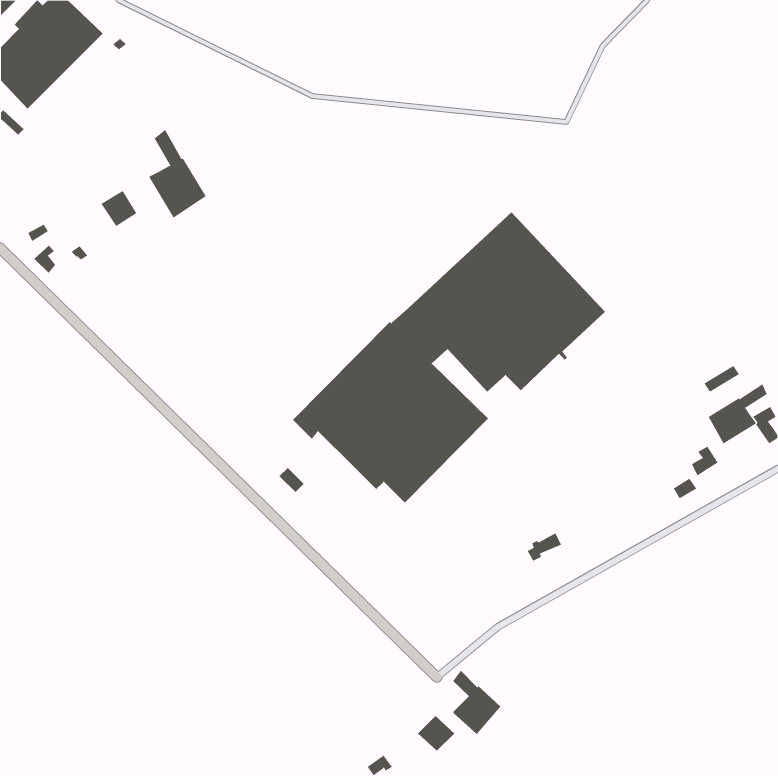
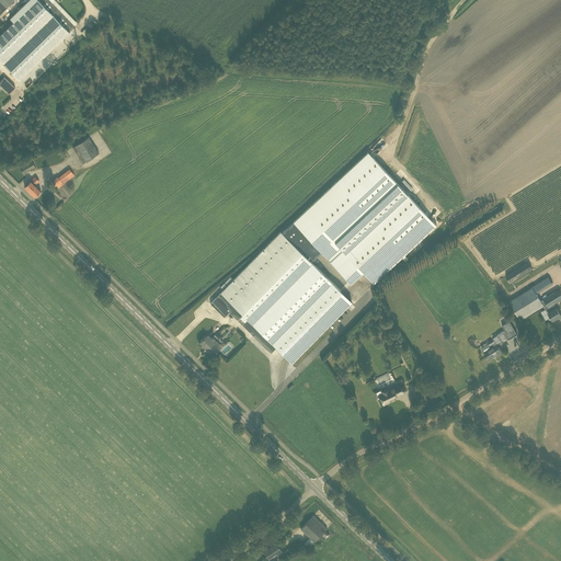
building: [149,129,206,218] -> none
building: [452,670,501,735] -> none

